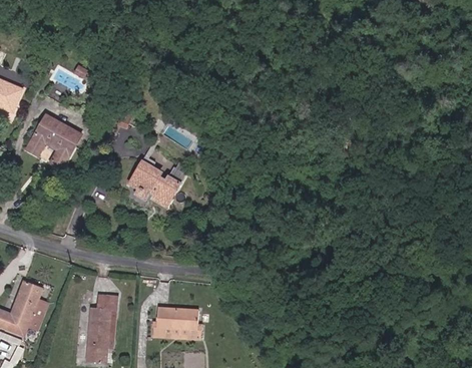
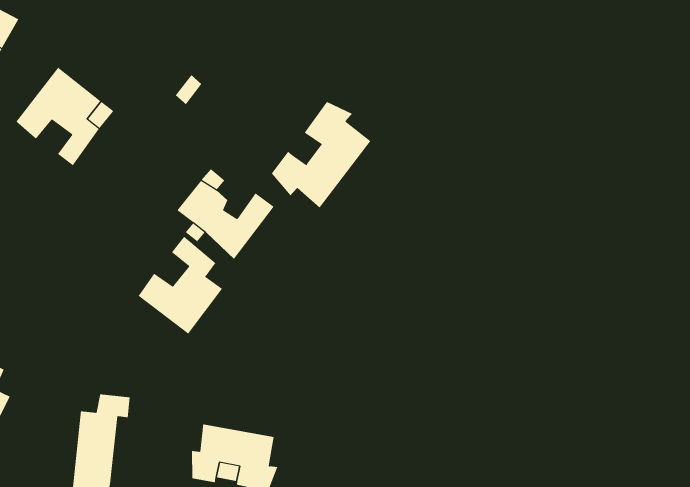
building: none -> [271,101,371,208]
building: none -> [138,236,223,335]

